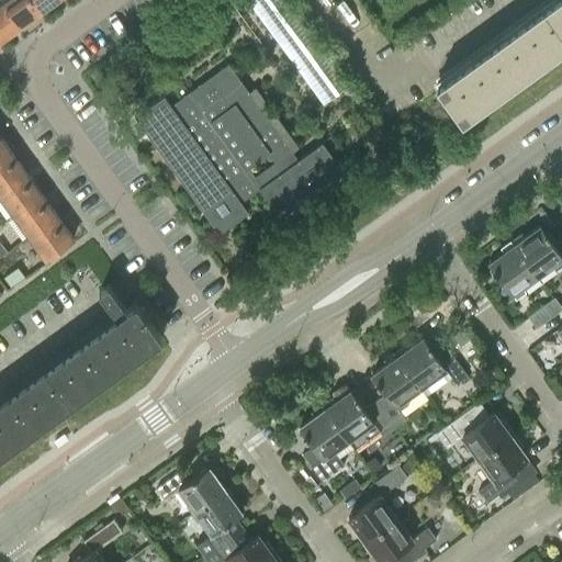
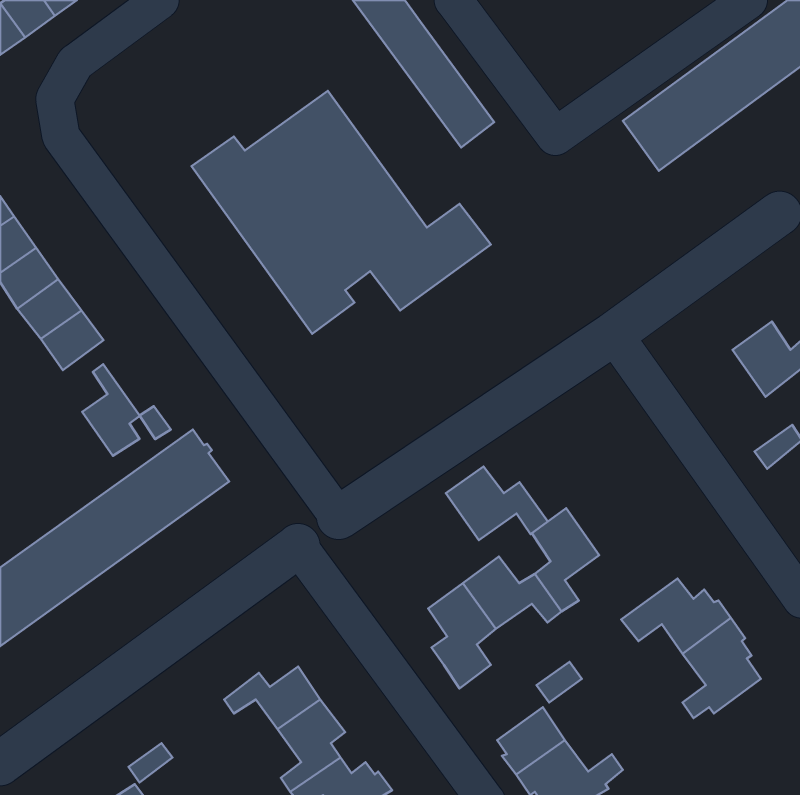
building: [491,249,537,299] -> none
building: none -> [82,364,140,456]
building: [397,341,469,393] -> [446,467,548,540]

